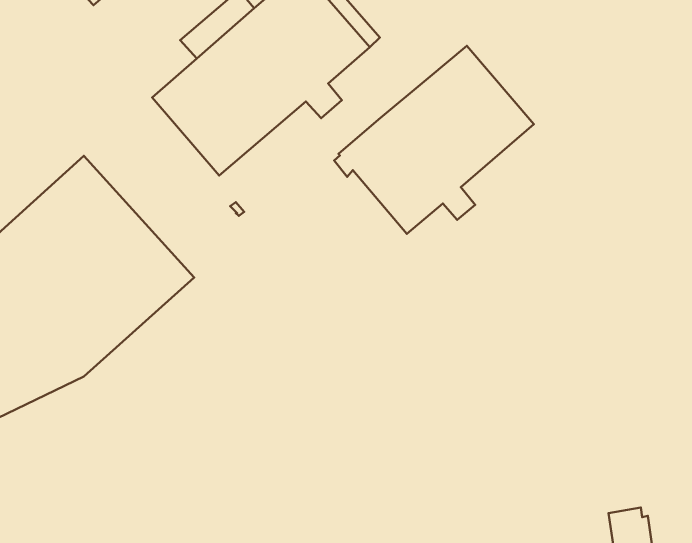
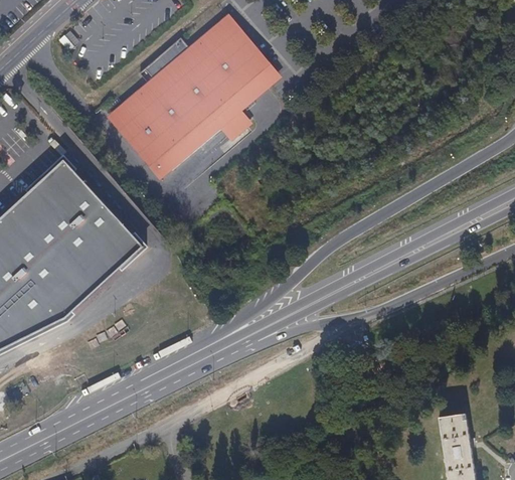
building: [334,46,534,234] -> none

